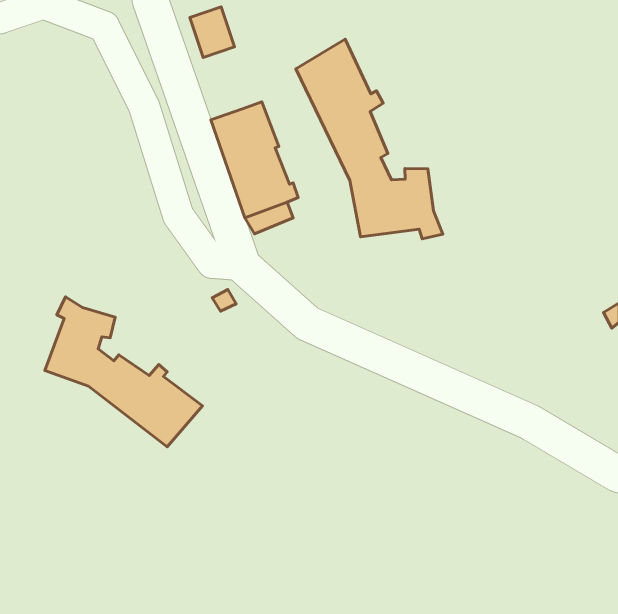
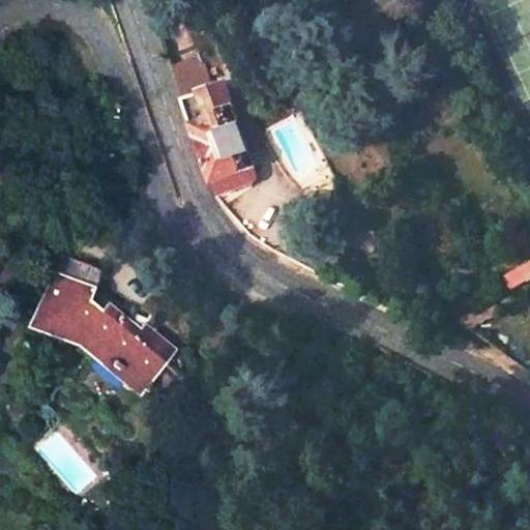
building: [190,7,235,58] -> [170,63,208,107]
building: [296,39,443,239] -> none

